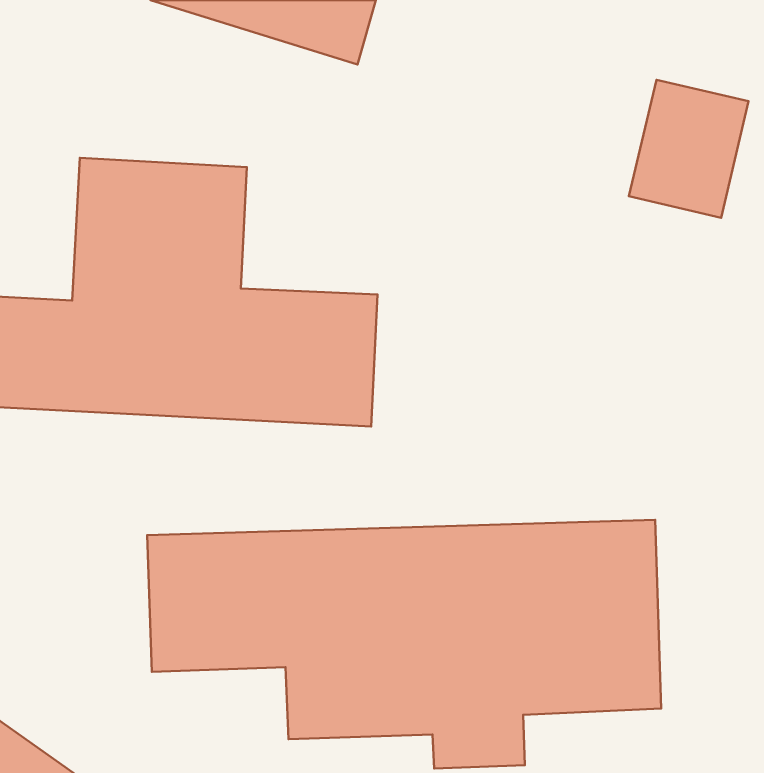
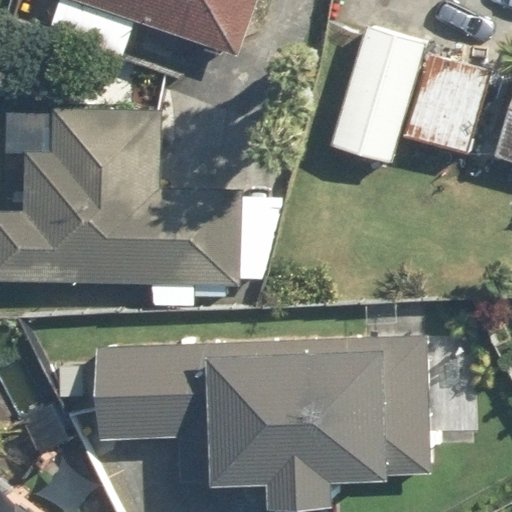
building: none -> [328,28,420,161]

